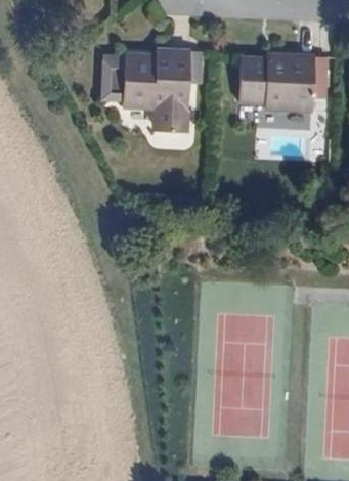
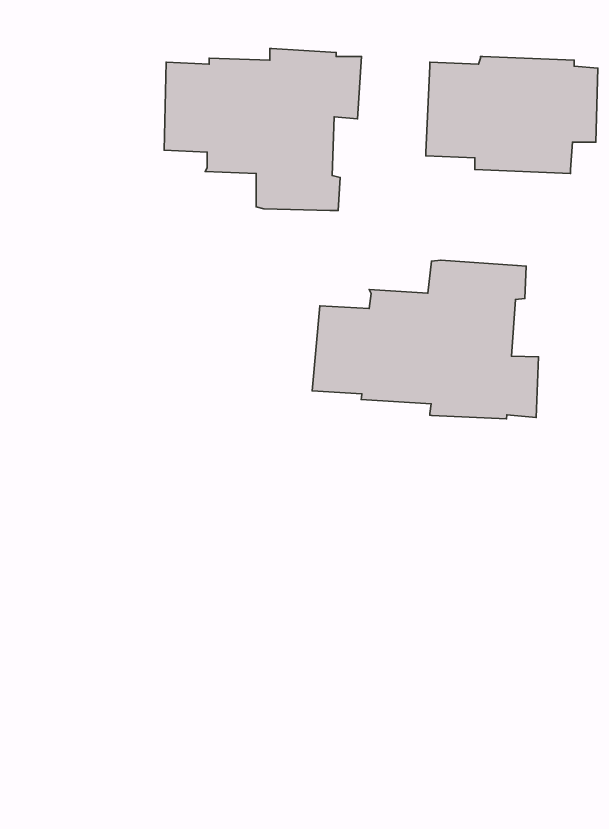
building: none -> [312,260,539,419]

